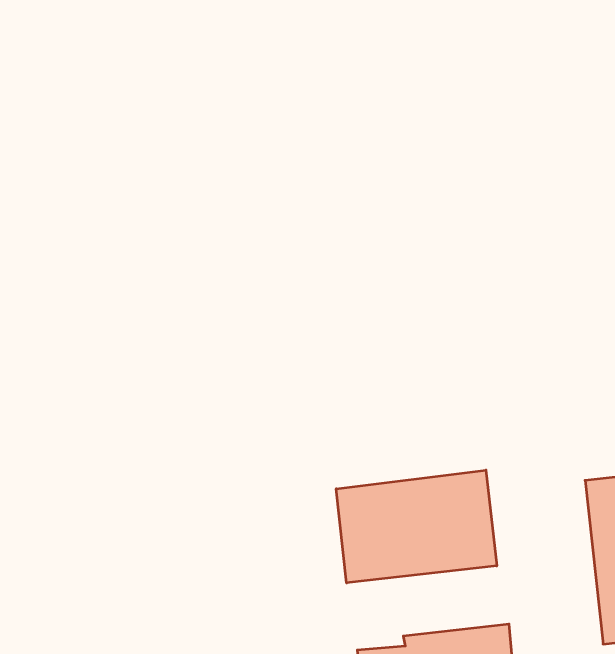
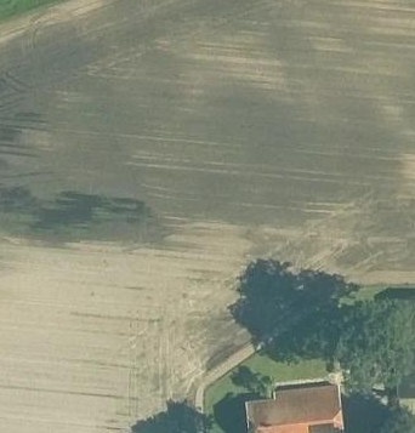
building: [336,470,497,583] -> none

